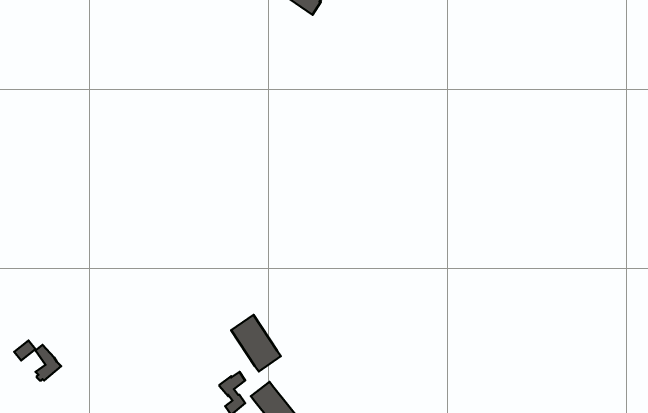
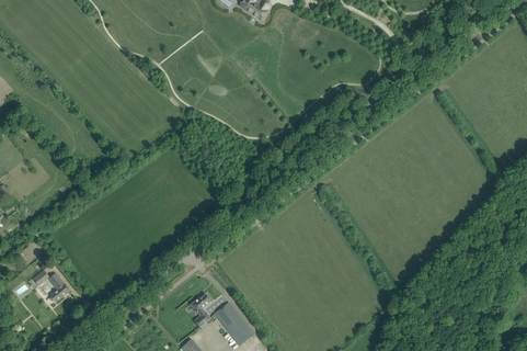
building: [231,315,281,372] -> none

